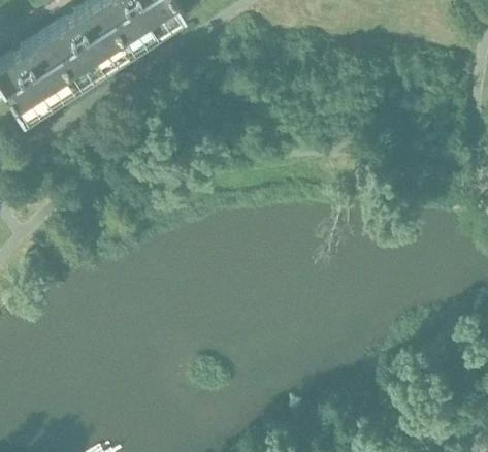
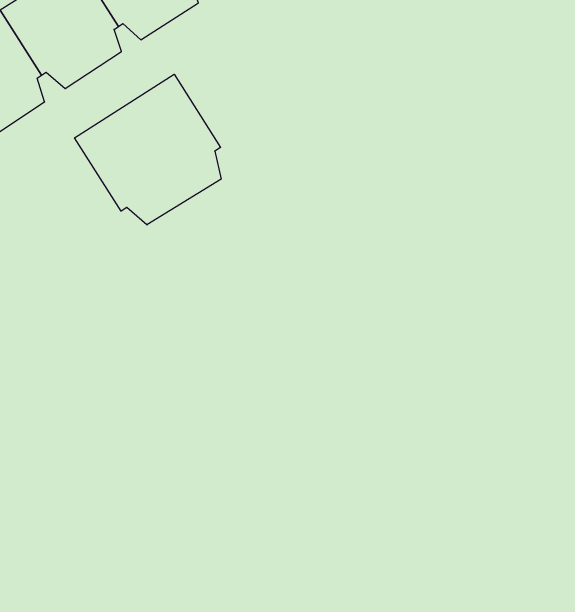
building: none -> [75,74,221,225]

